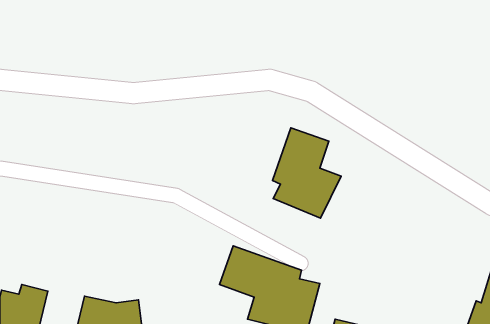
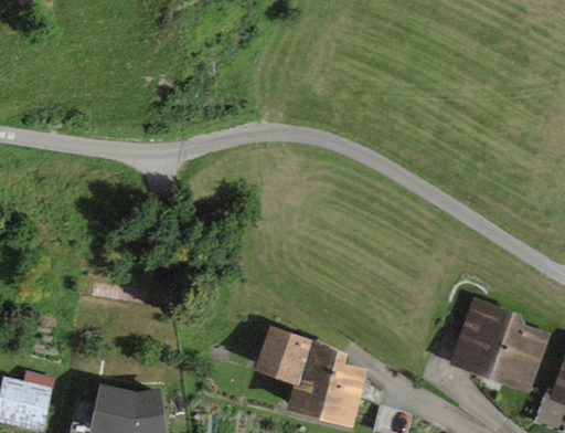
building: [272,128,341,218] -> none
building: none -> [450,298,552,393]

